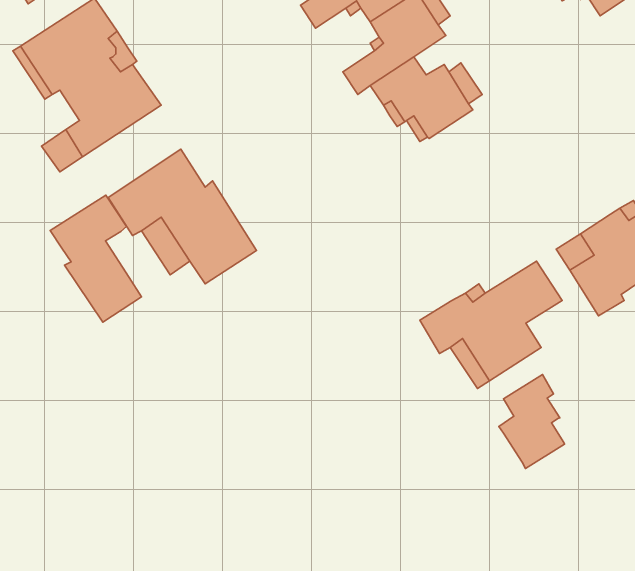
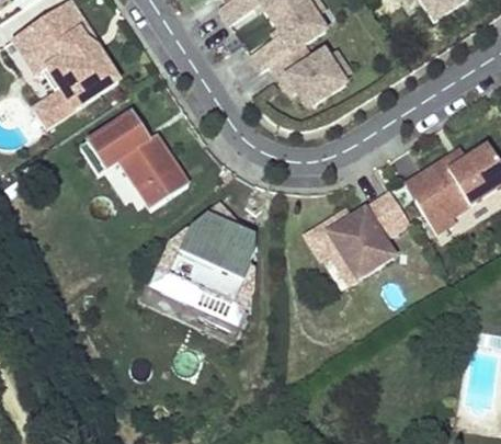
building: [50,195,141,322] -> none
building: none -> [147,212,267,327]
building: [499,375,565,468] -> none

